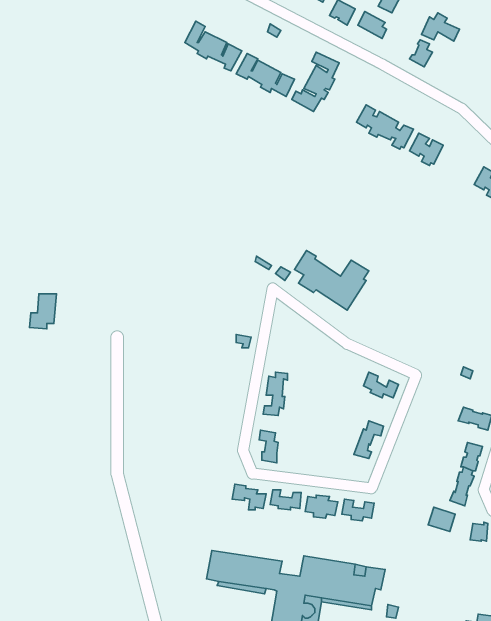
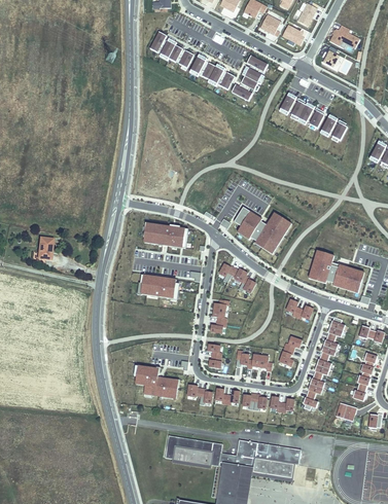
building: none -> [144,224,187,248]
building: none -> [308,251,364,290]
building: none -> [219,263,255,293]
building: none -> [137,275,178,297]
building: none -> [304,317,345,409]
building: none -> [235,350,272,371]
building: none -> [136,366,179,399]

